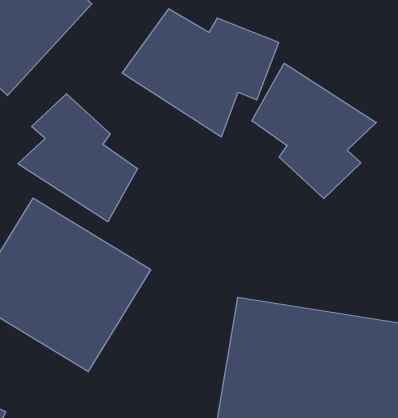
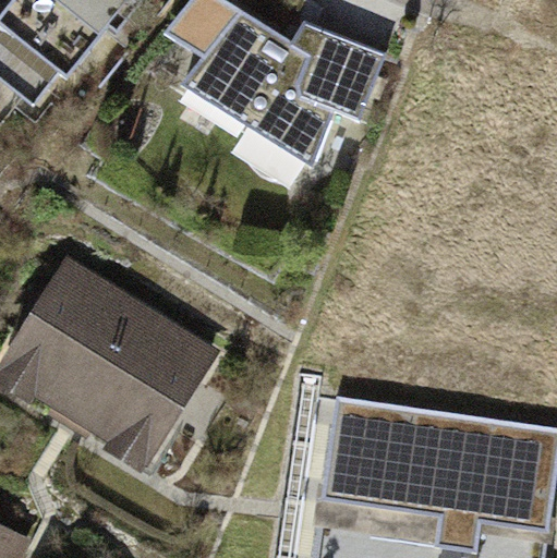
building: [252,63,376,199] -> none
building: [18,94,138,222] -> none

